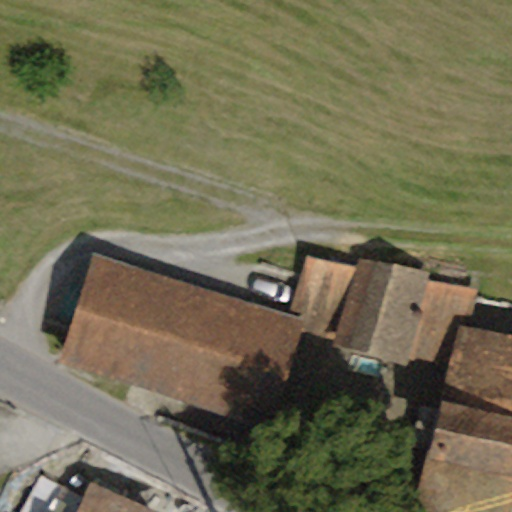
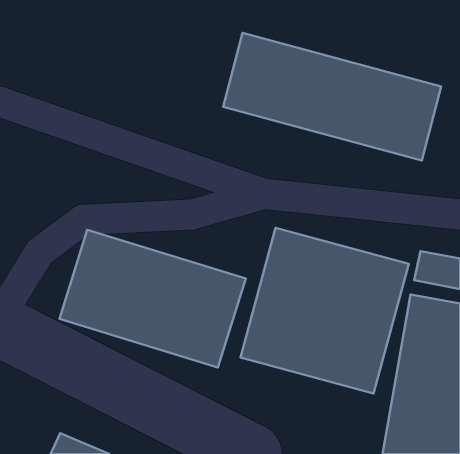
building: none -> [223,33,441,160]

